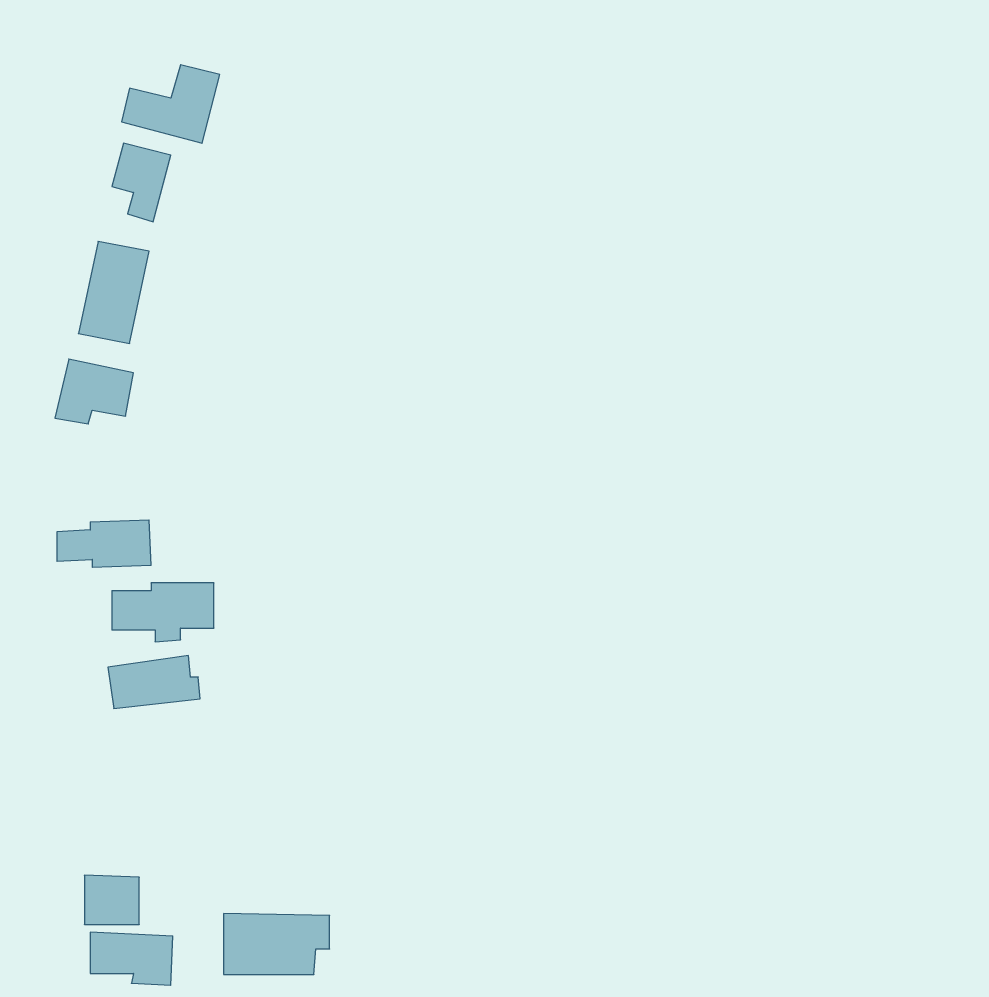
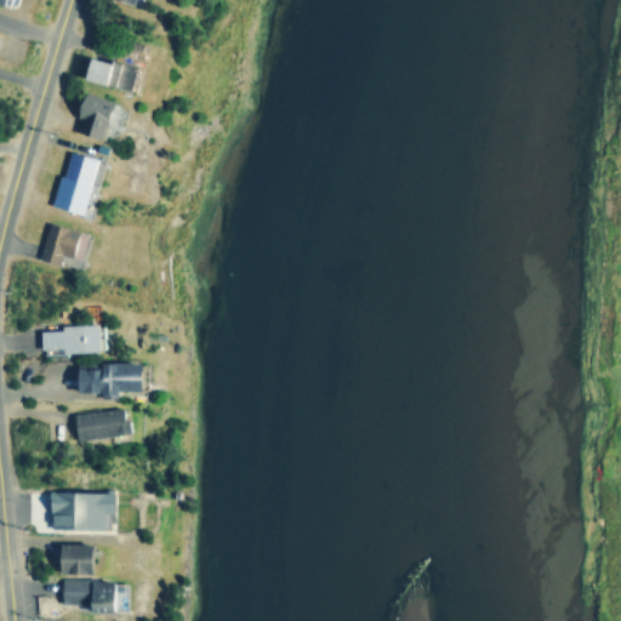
building: [224,914,330,974] -> [51,492,116,530]

